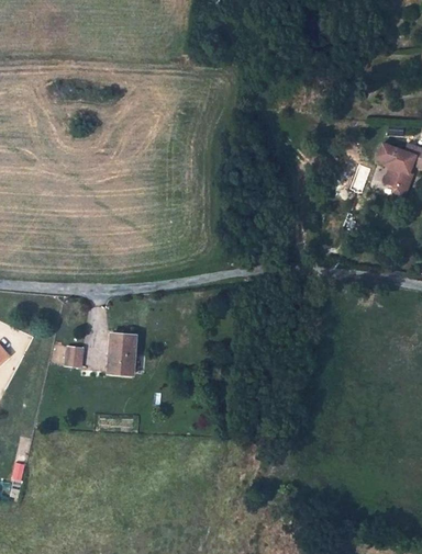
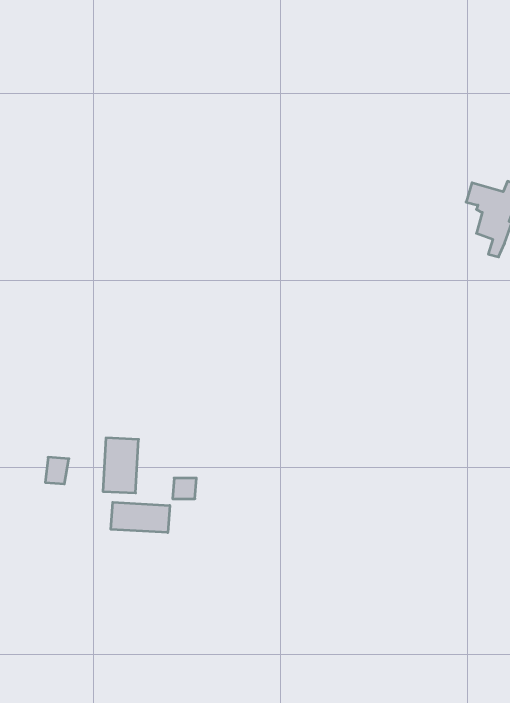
building: none -> [111,502,170,533]

